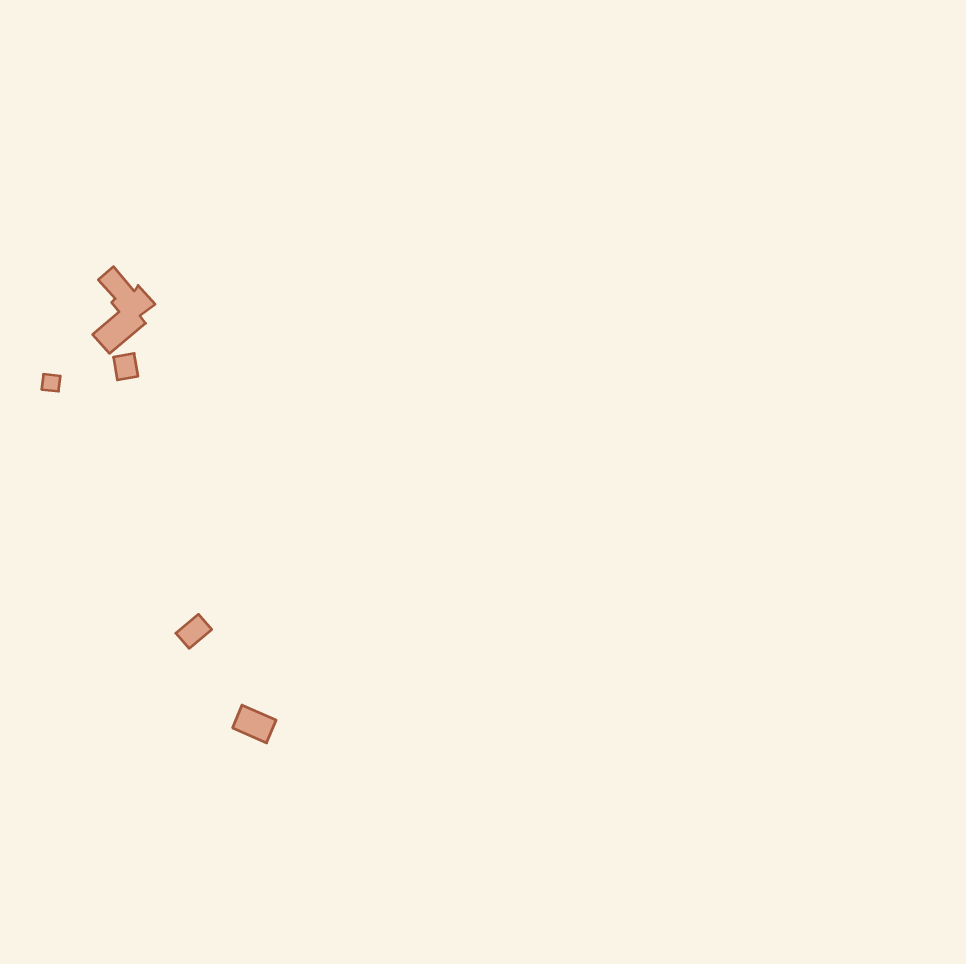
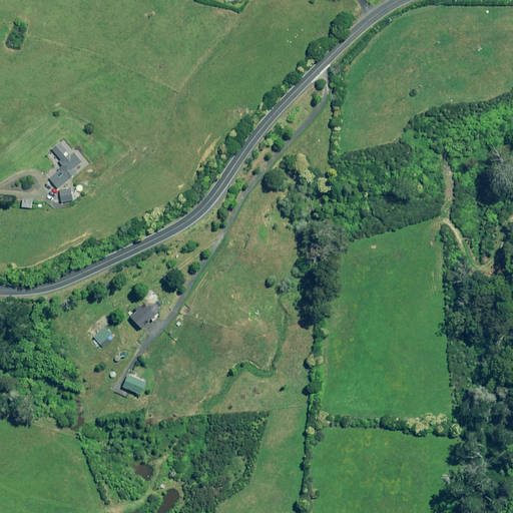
building: none -> [131,304,158,328]

